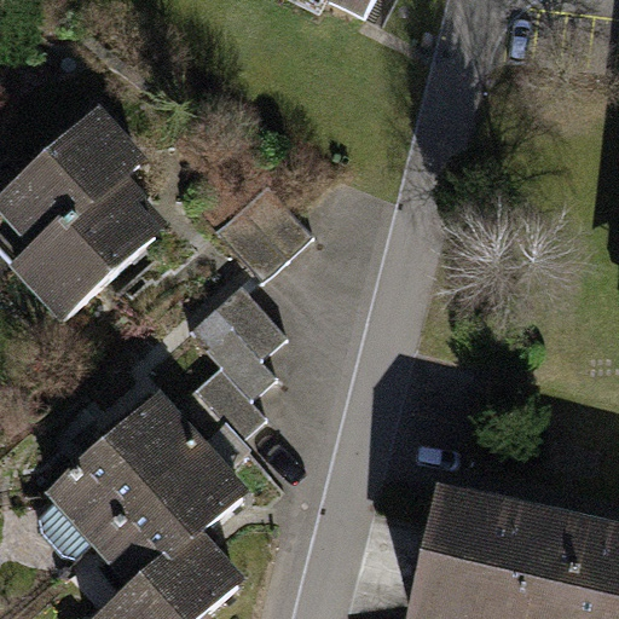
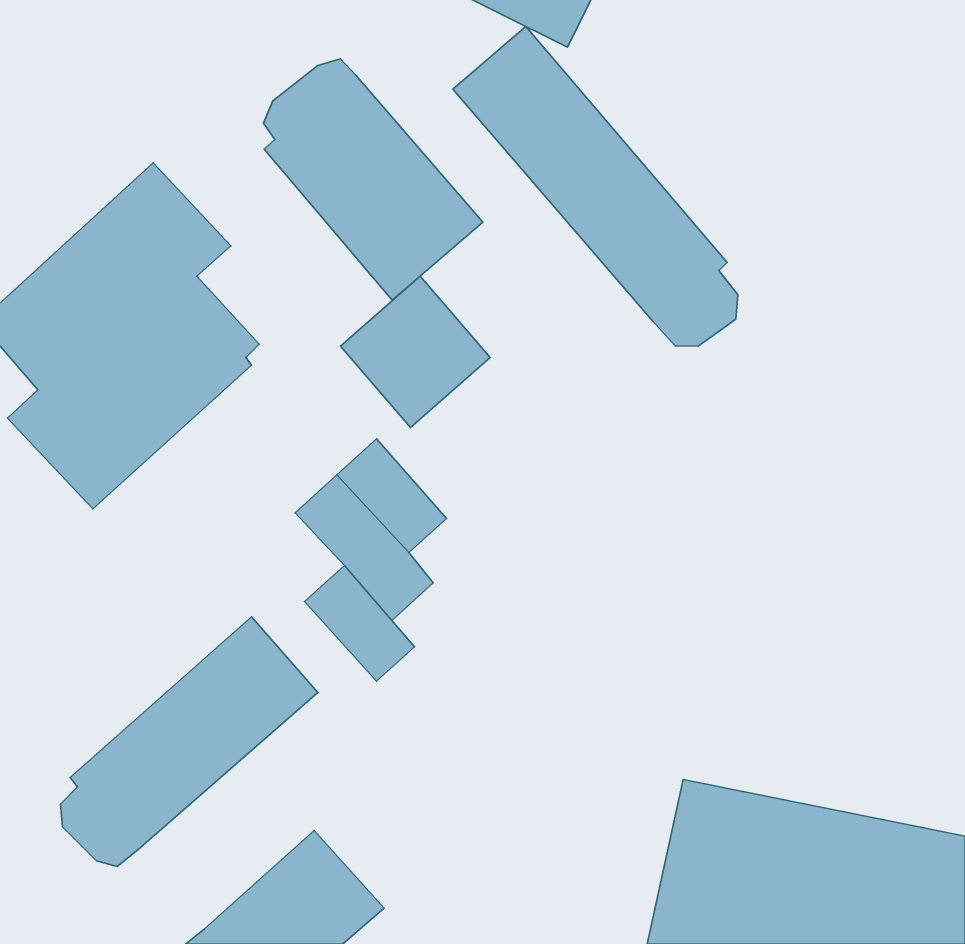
building: none -> [453,26,738,346]
building: none -> [263,59,483,300]
building: [88,442,248,594] -> none

